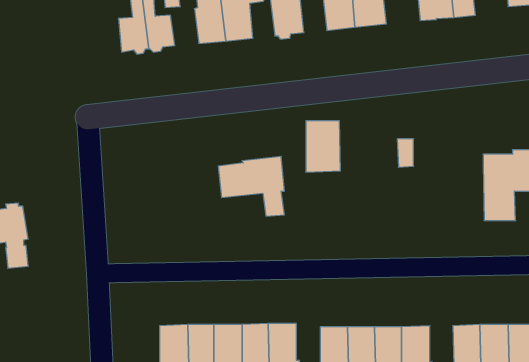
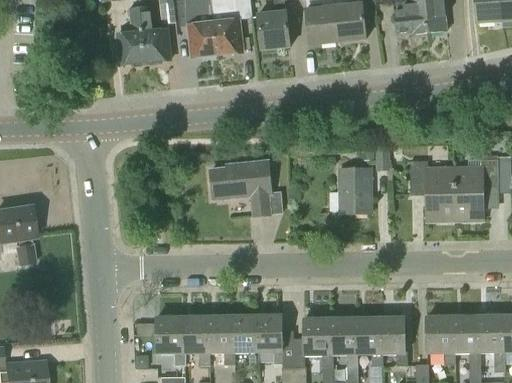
building: [306,121,340,172] -> [339,167,371,214]
building: none -> [410,160,455,221]

